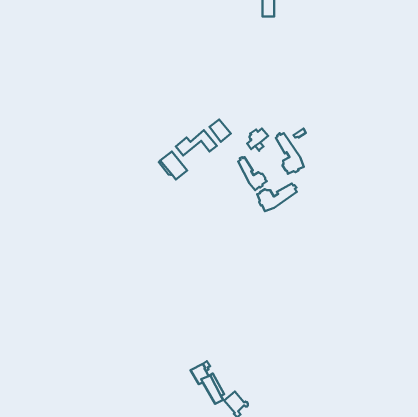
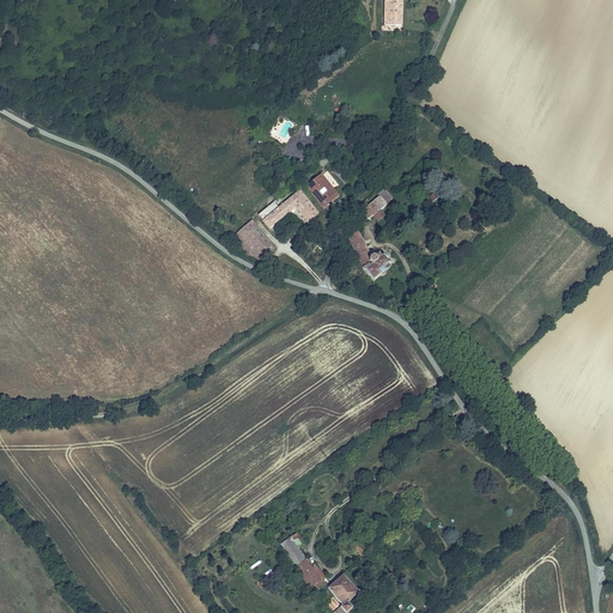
building: [276,133,304,174] -> none
building: [257,183,297,211] -> none

